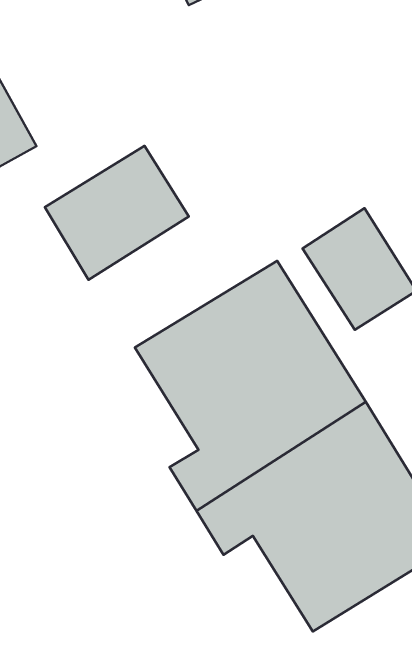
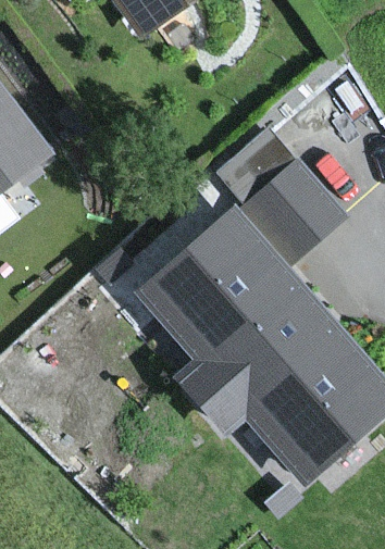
building: [45,146,189,280] -> none

